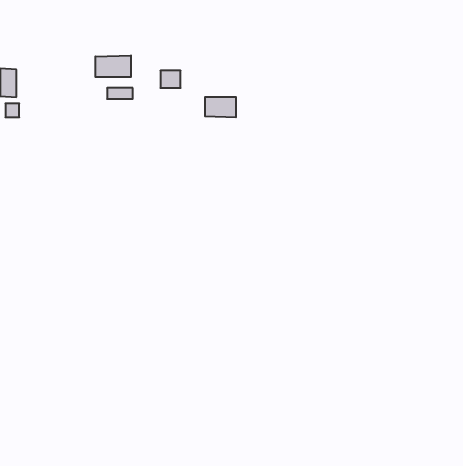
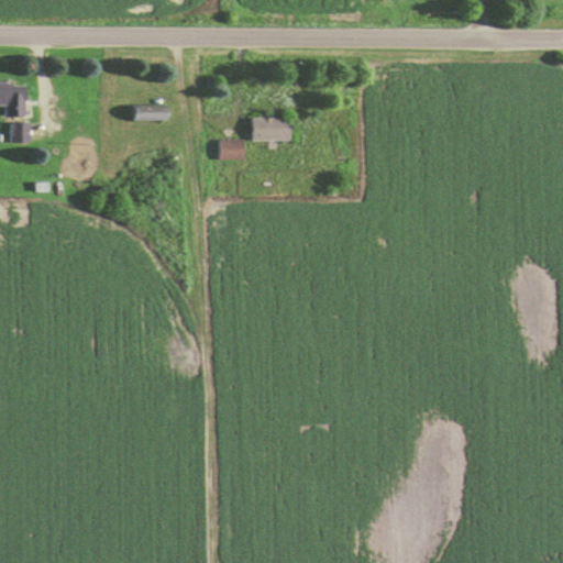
building: [95,55,131,77] -> none
building: [160,71,181,88] -> [219,139,243,159]

